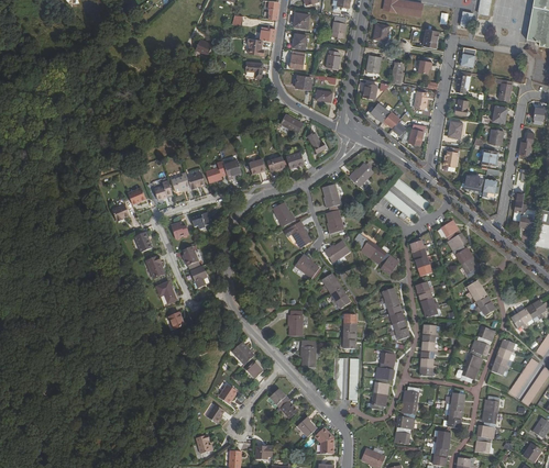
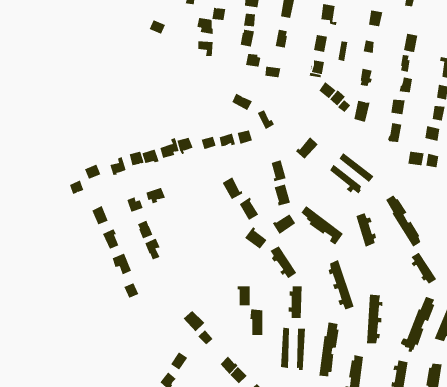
building: [415,281,438,317] -> none

